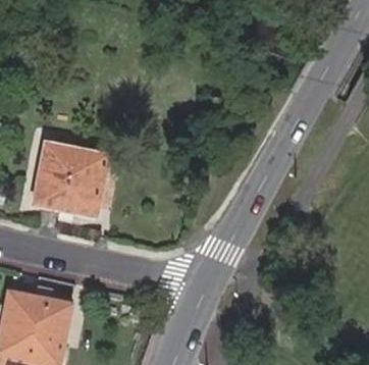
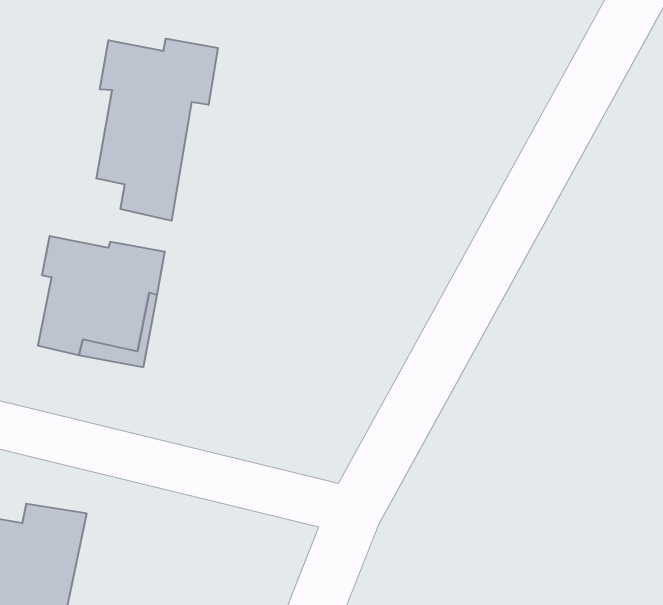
building: none -> [96,39,218,221]

